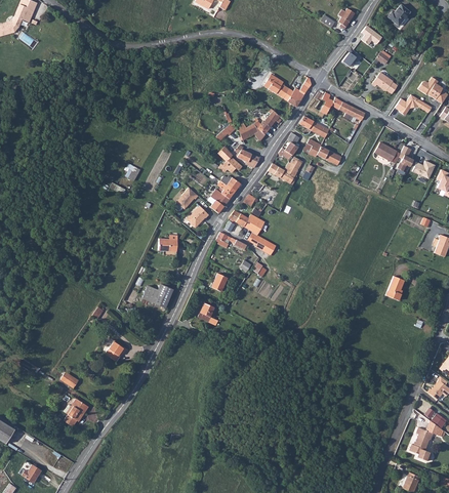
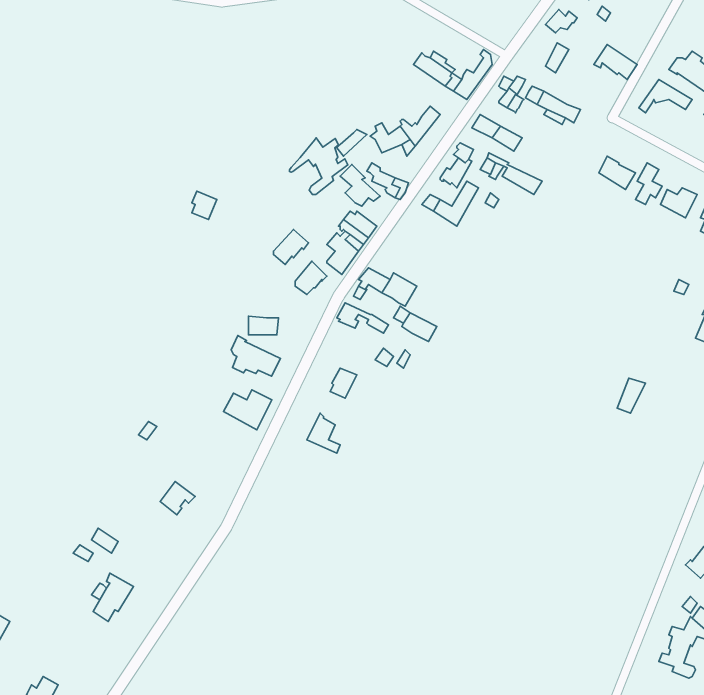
building: none -> [289,138,348,195]
building: none -> [231,336,280,376]

